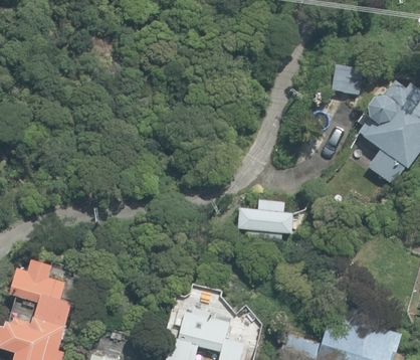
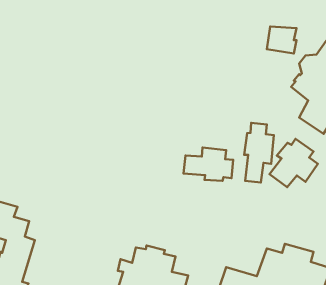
building: none -> [244,123,274,183]
building: none -> [270,139,318,187]

